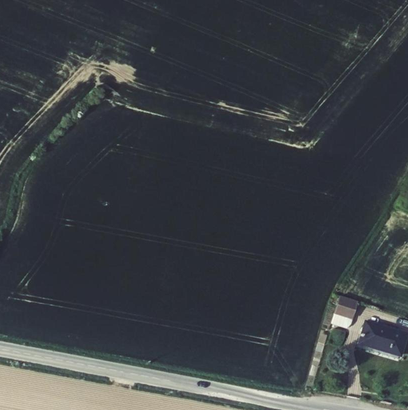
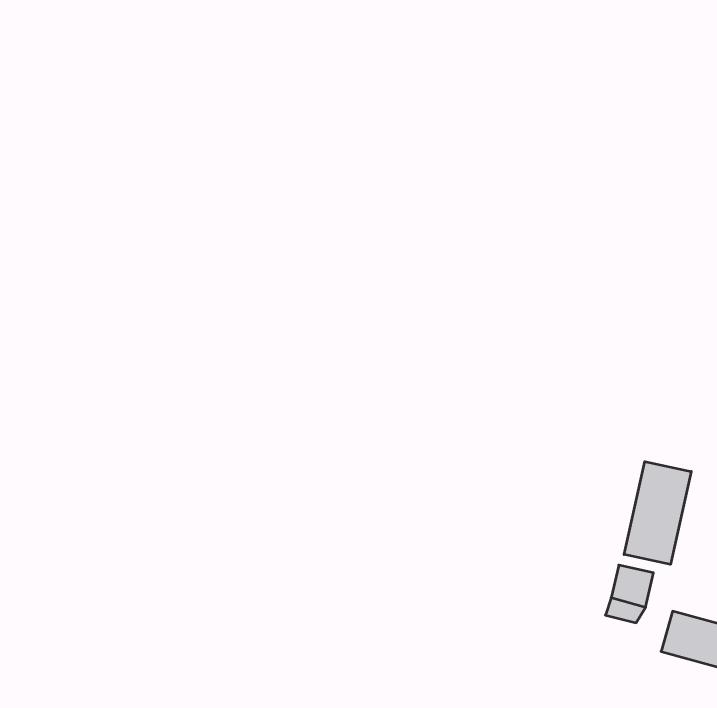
building: none -> [624,462,691,564]

